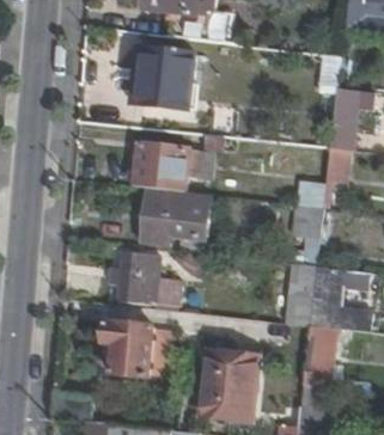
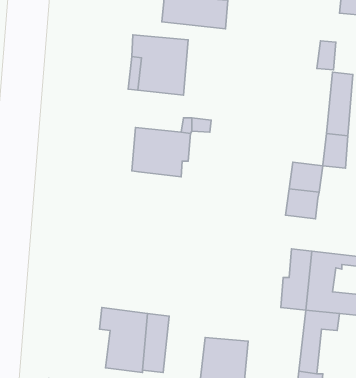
building: [141,188,211,243] -> none
building: [112,251,158,301] -> none

